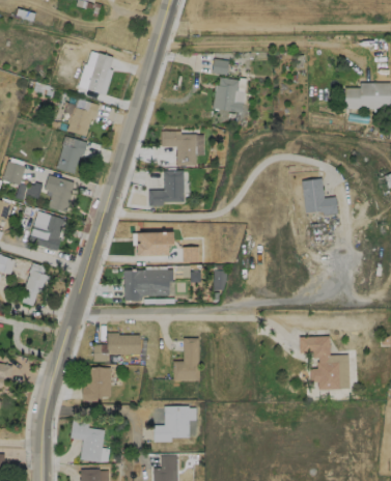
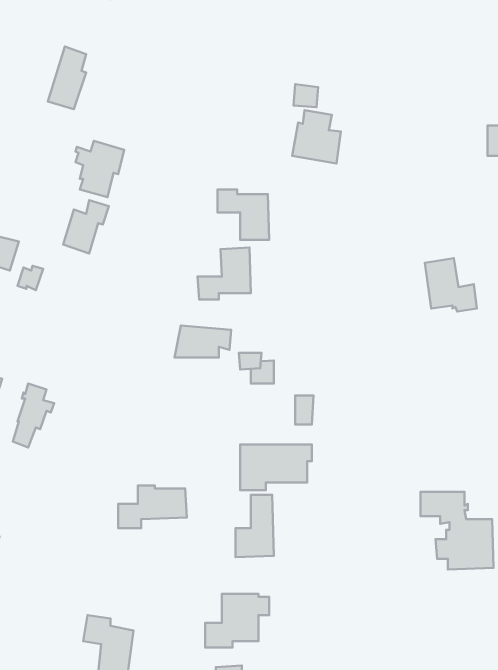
building: [88,52,114,94] -> [48,47,86,109]
building: [45,174,76,213] -> none
building: [29,210,65,251] -> none
building: [124,270,173,301] -> [240,444,312,490]
building: [83,367,112,401] -> none

